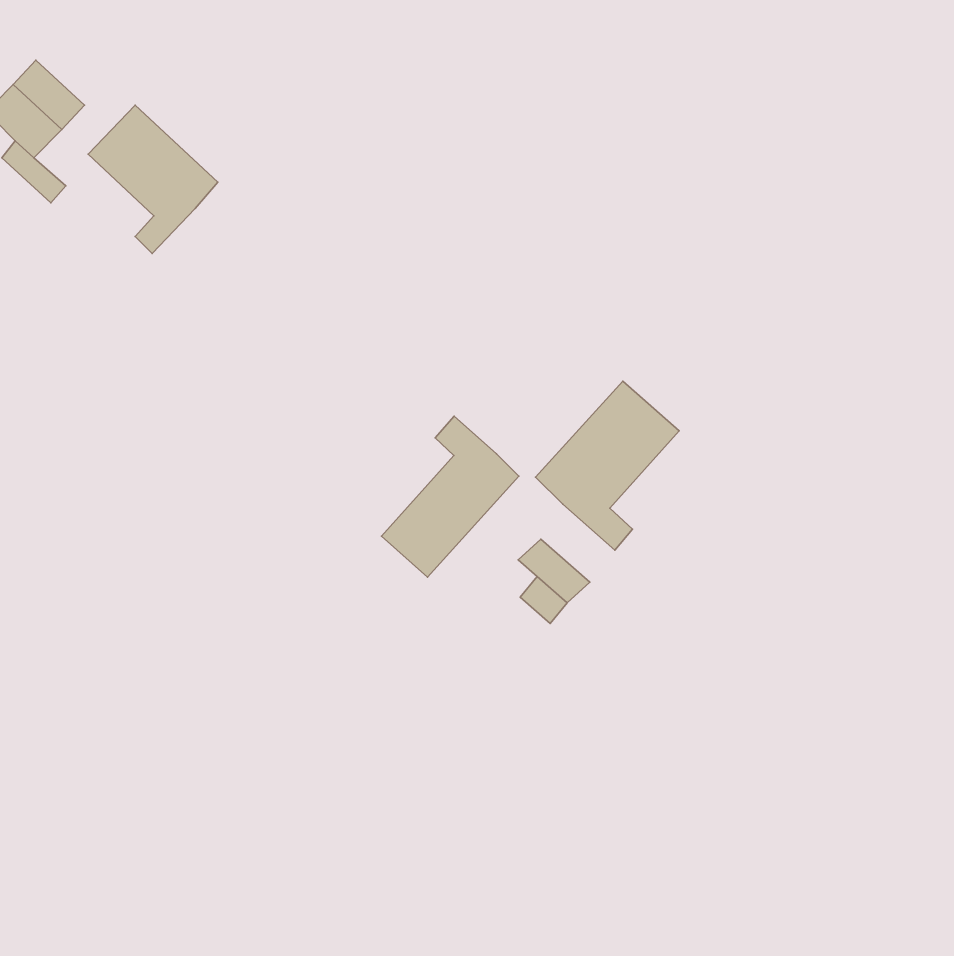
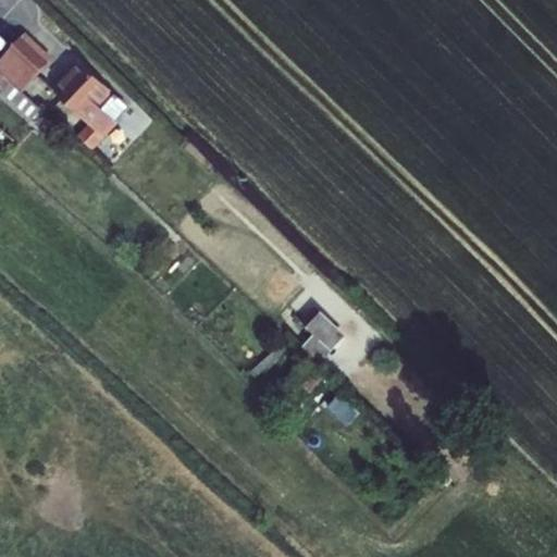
building: [536,381,679,550] -> none
building: [381,416,519,577] -> none

